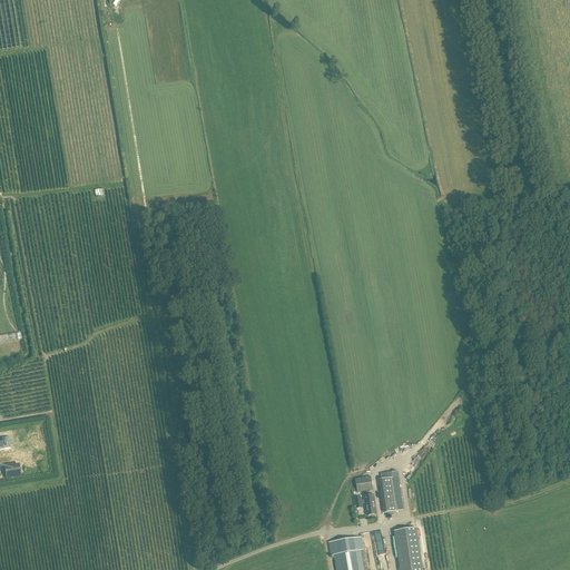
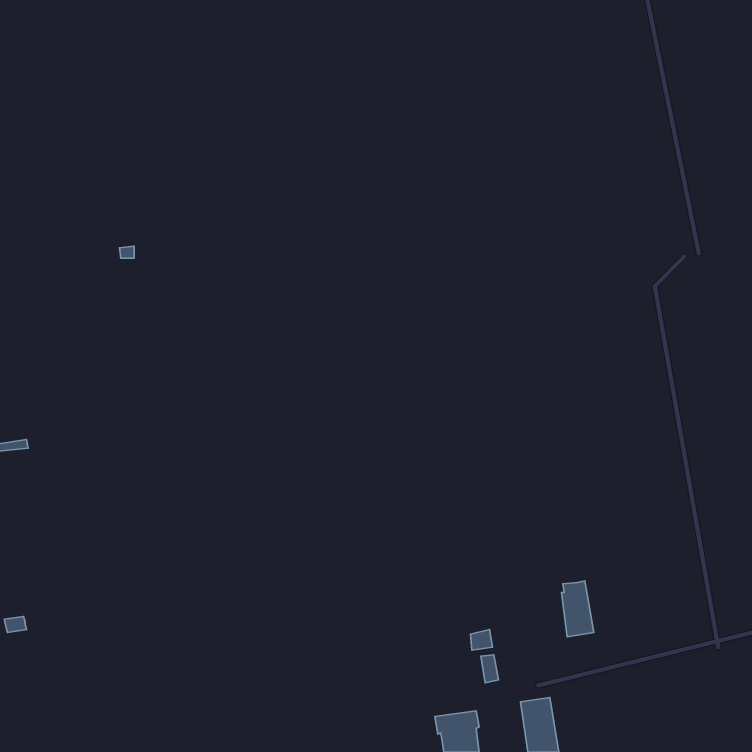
building: [379,470,403,512] -> [561,581,594,637]

